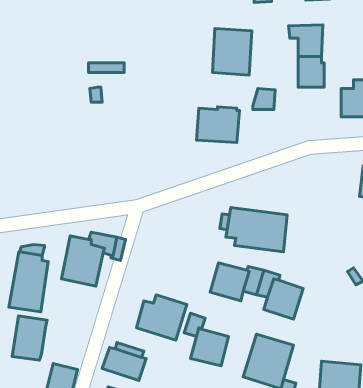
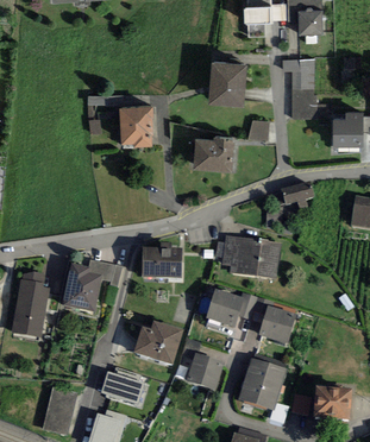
building: none -> [119,106,153,147]
building: none -> [281,181,314,209]
building: none -> [142,246,182,277]
building: [12,316,47,360] -> none

